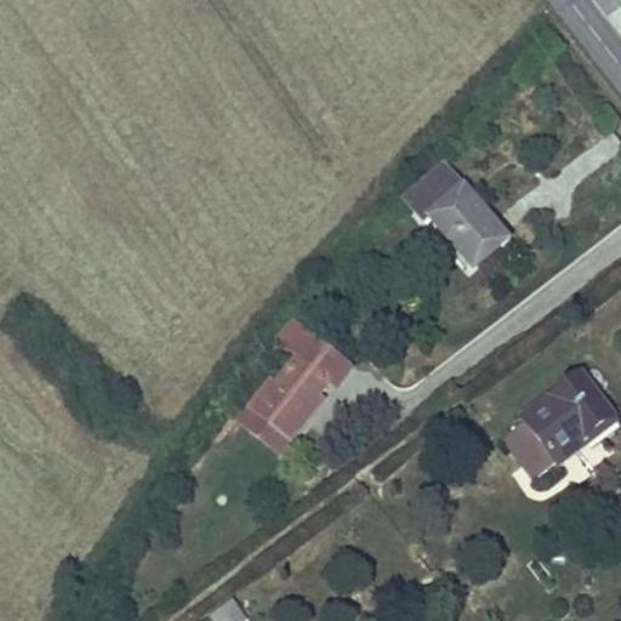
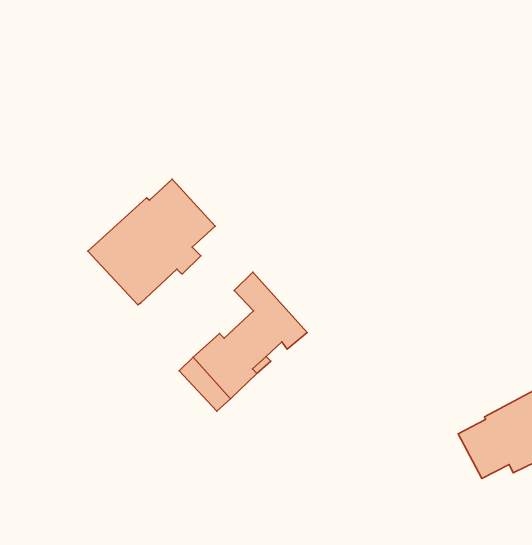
building: [404,161,506,264] -> none
building: none -> [88,179,215,305]

